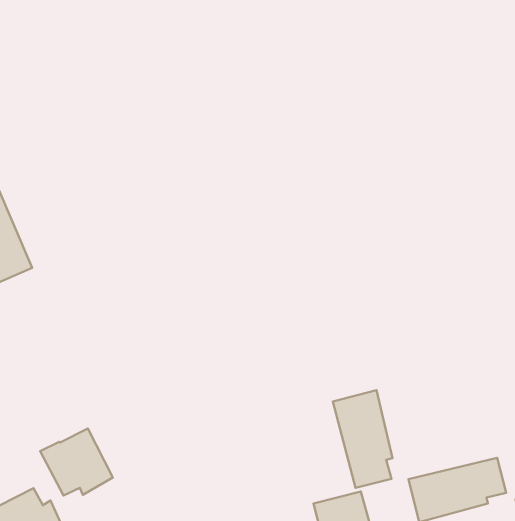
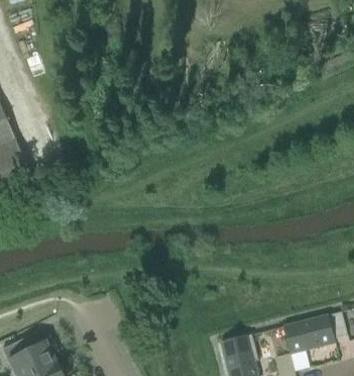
building: [333,390,393,488] -> none
building: [40,429,113,496] -> none

